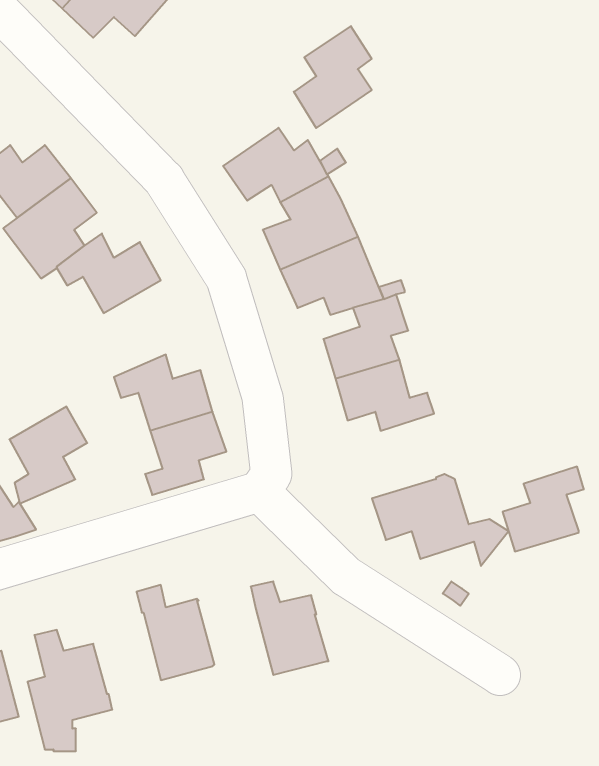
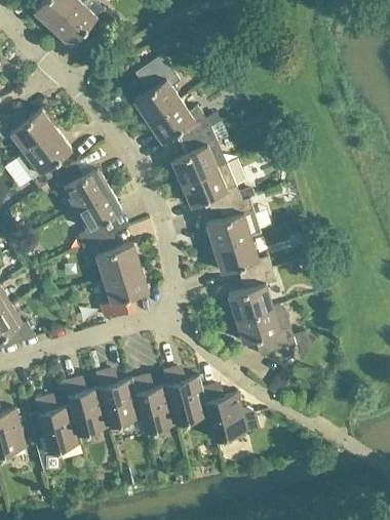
building: [294,26,372,128] -> [133,62,180,122]
building: [9,407,87,503] -> [76,190,122,247]
building: [503,467,584,551] -> [228,269,276,319]
building: none -> [131,376,177,433]
building: none -> [64,378,110,435]
building: none -> [201,385,260,441]

